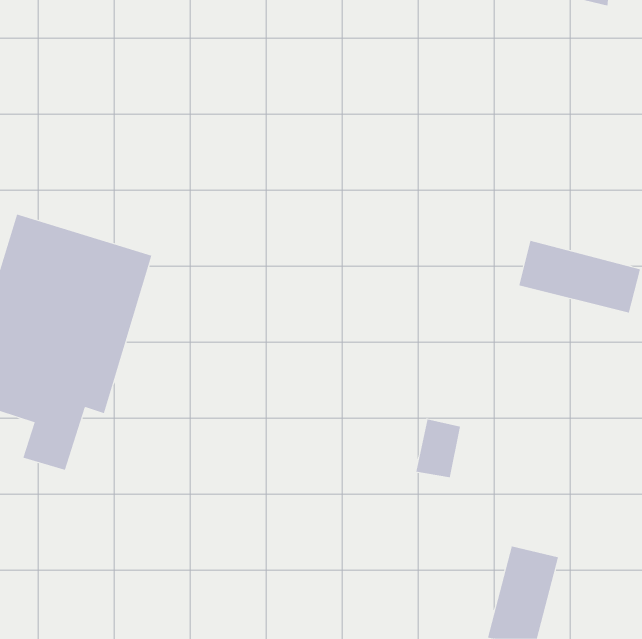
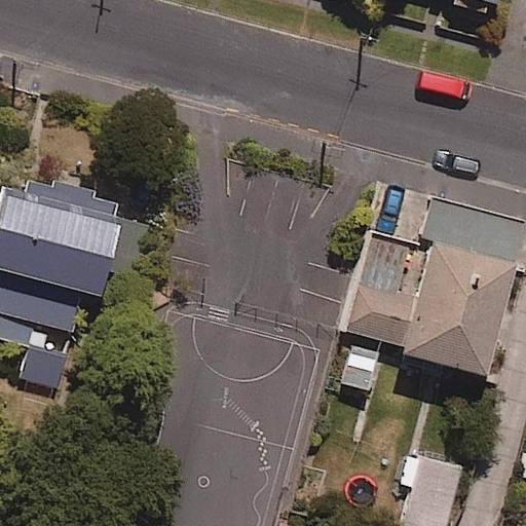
building: none -> [349,237,516,377]

